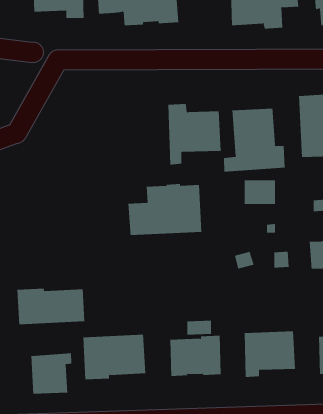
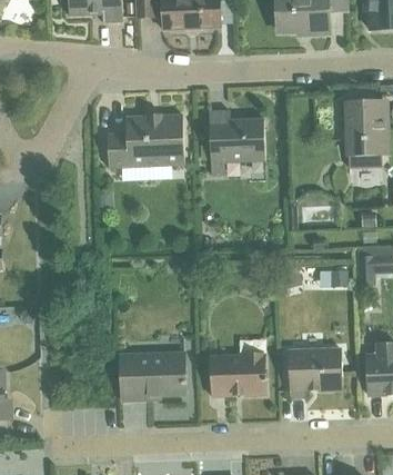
building: [224,108,285,173] -> none
building: [128,183,202,235] -> [107,112,184,167]
building: [17,288,85,325] -> none
building: [31,353,72,395] -> none

